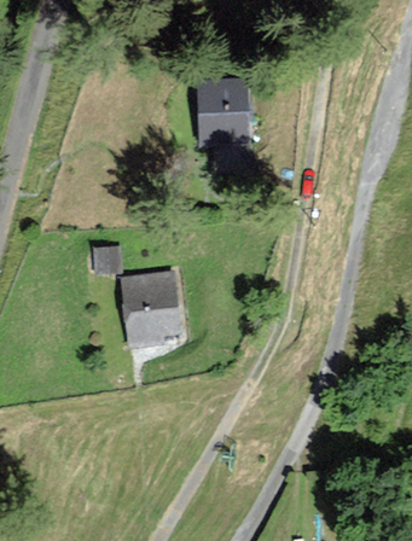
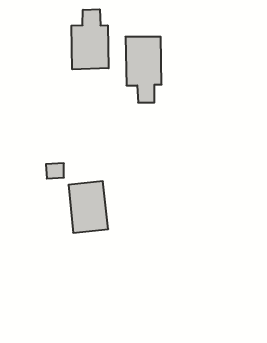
building: none -> [71,9,109,69]

